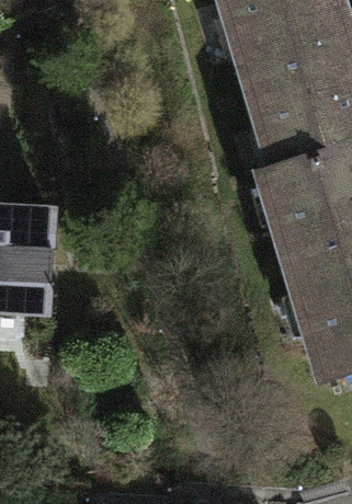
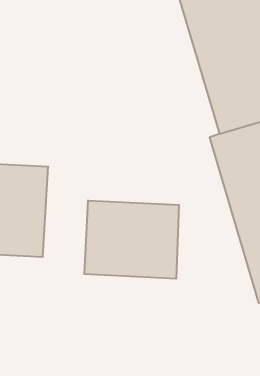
building: none -> [84,200,179,279]

